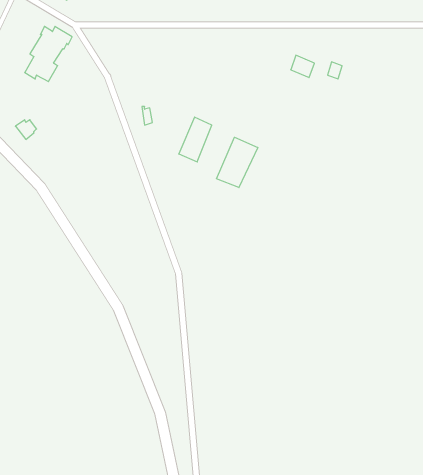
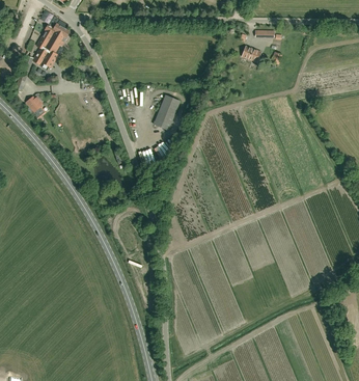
building: [217,137,258,188] -> none

